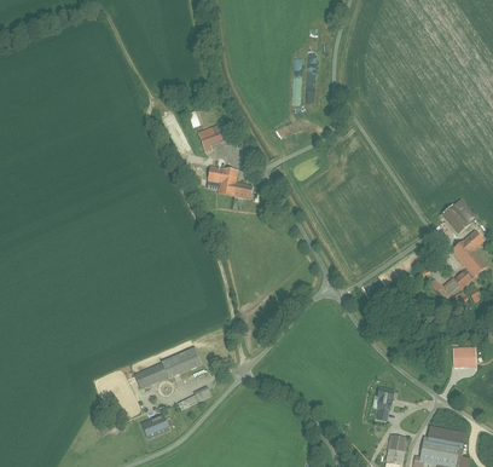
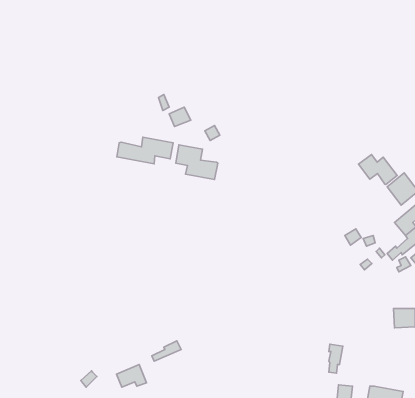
building: none -> [117,137,173,164]
building: none -> [359,155,397,184]
building: [137,344,204,386] -> none

